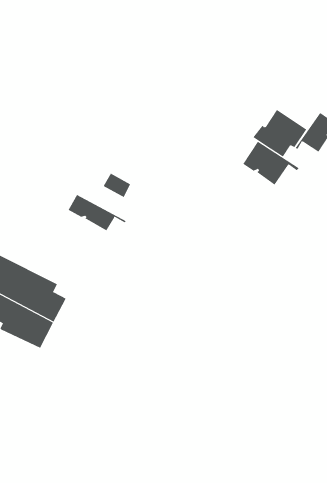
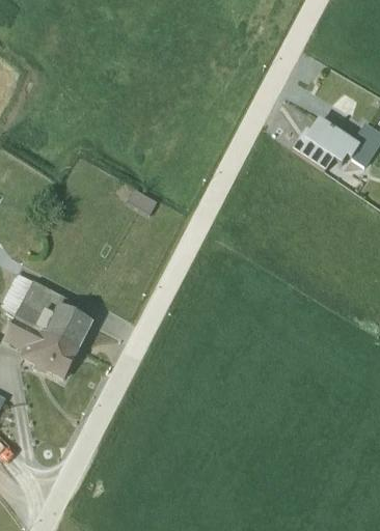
building: [242,141,299,185] -> none
building: [68,194,126,231] -> none

